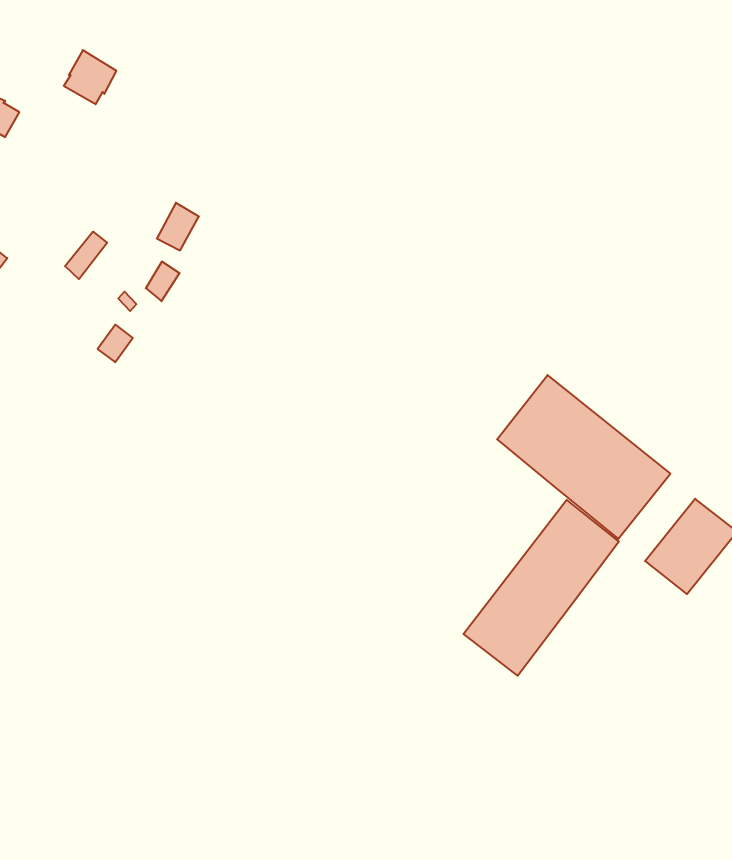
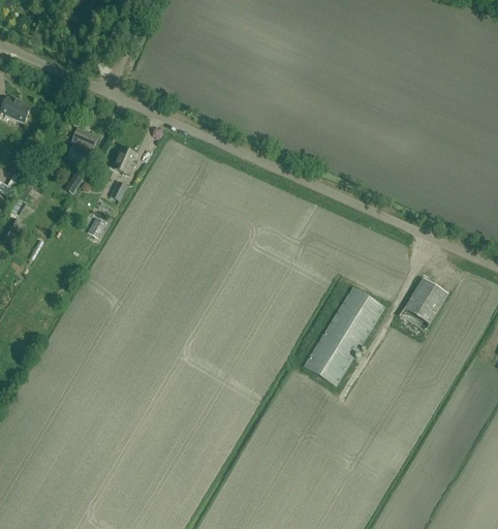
building: [64,50,116,104] -> [69,126,97,155]
building: [497,375,670,539] -> none

